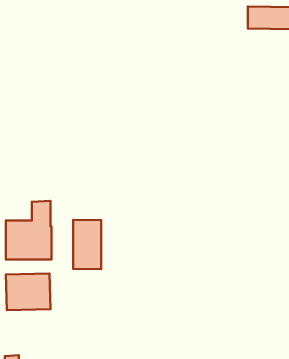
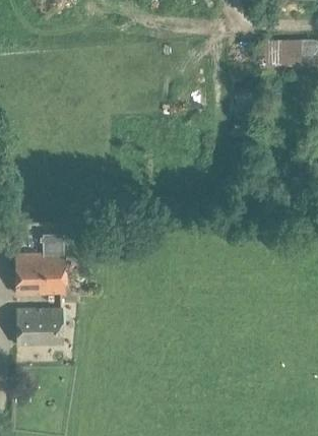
building: [73,220,101,269] -> none

